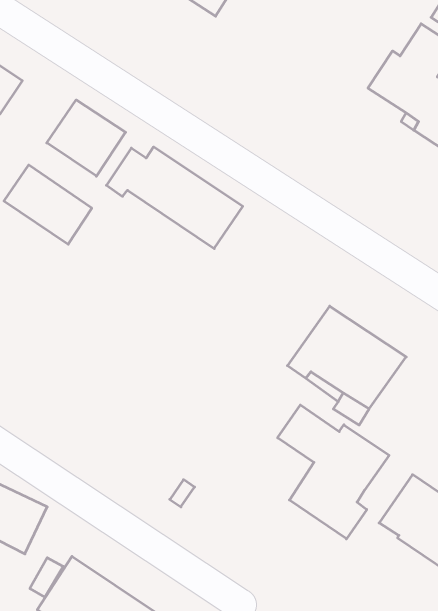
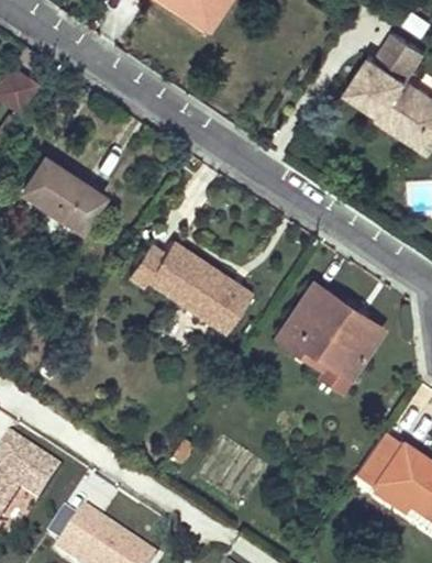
building: [47,100,126,176] -> none
building: [106,147,243,249] -> [130,242,251,332]
building: [278,405,389,539] -> none

